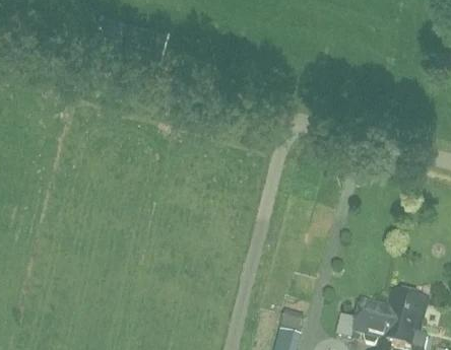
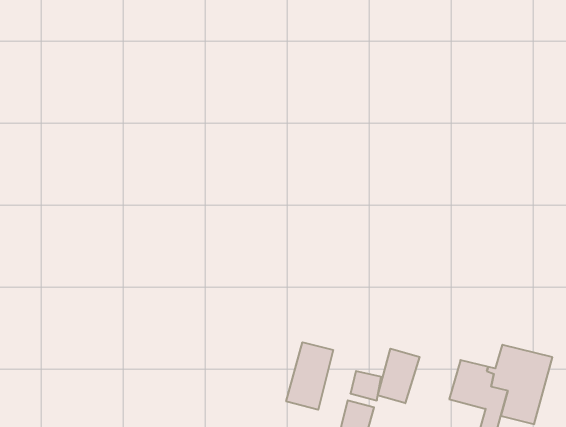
building: none -> [286,342,333,410]
building: none -> [378,349,420,403]

